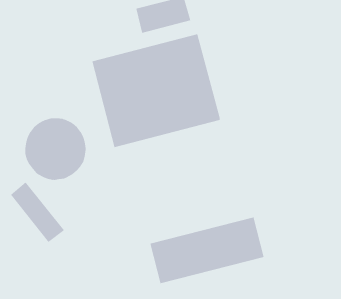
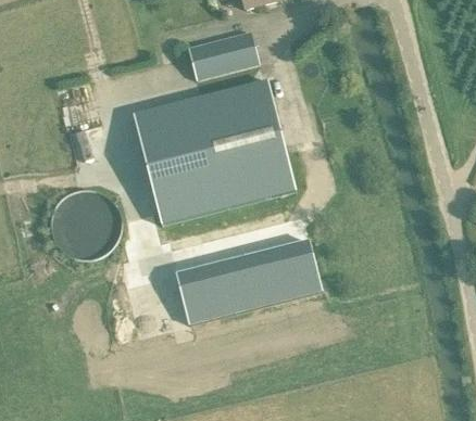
building: [10,181,65,243] -> none
building: [149,217,264,284] -> [177,240,323,324]

